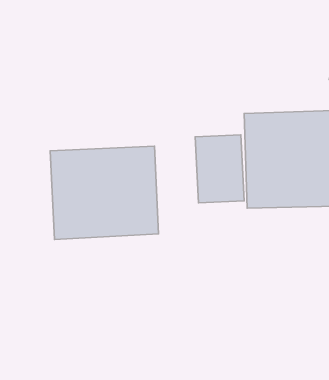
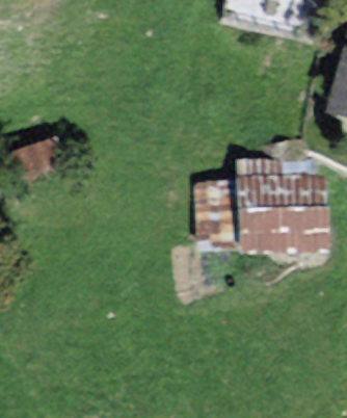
building: [50,146,159,240] -> none

